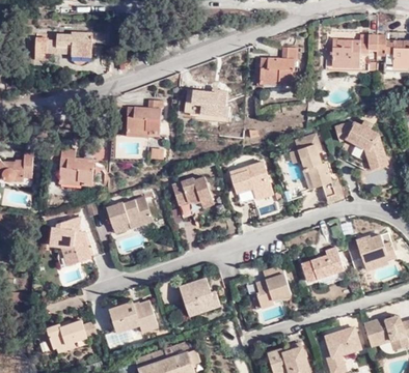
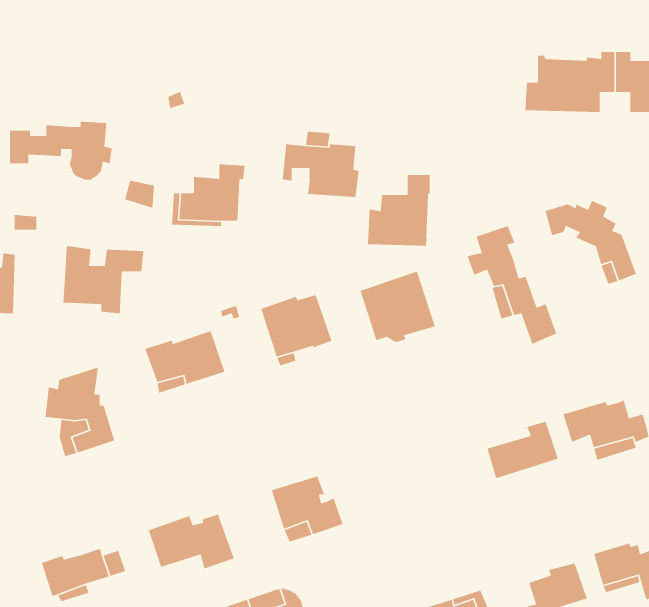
building: [35,32,94,66] -> [9,121,112,181]
building: [258,47,295,88] -> [367,174,431,247]
building: [253,266,289,308] -> none

